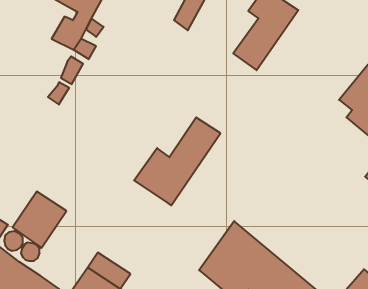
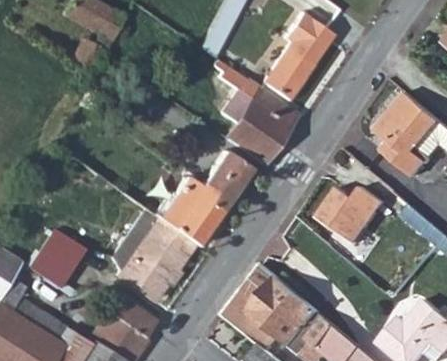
building: none -> [223,78,293,163]
building: none -> [320,186,388,242]
building: none -> [114,214,192,301]

